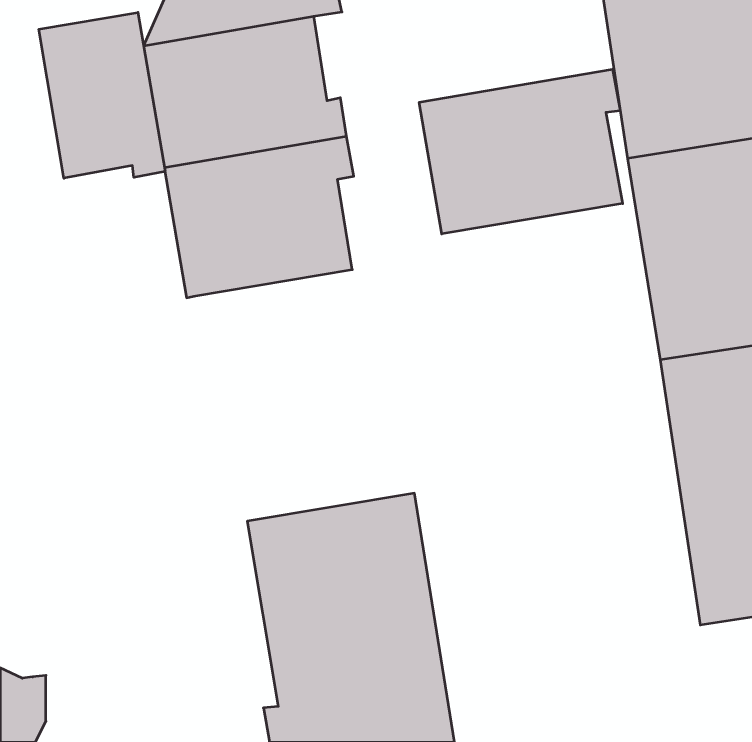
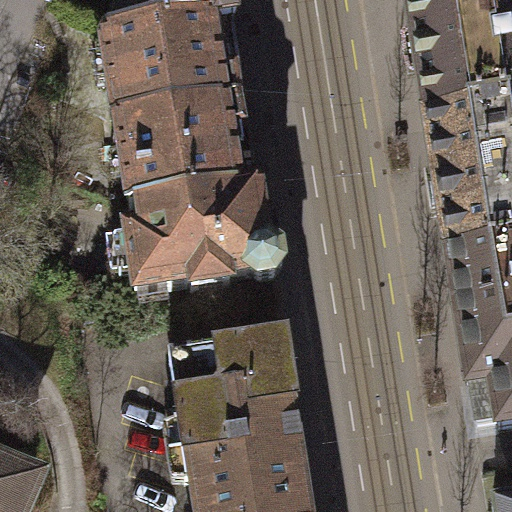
building: [39,12,165,178] -> none
building: [419,69,623,234] -> none
building: none -> [129,178,277,287]

